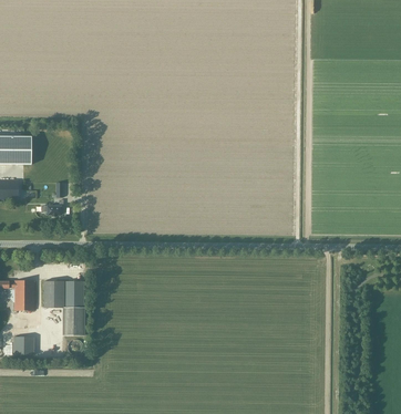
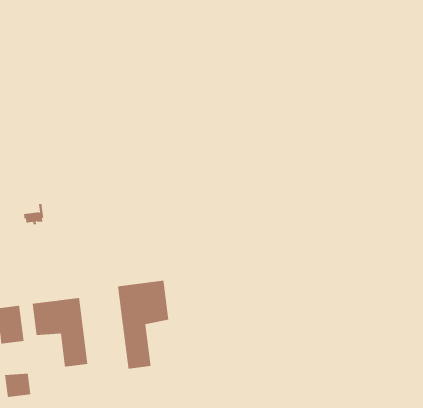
building: none -> [118,280,169,369]

